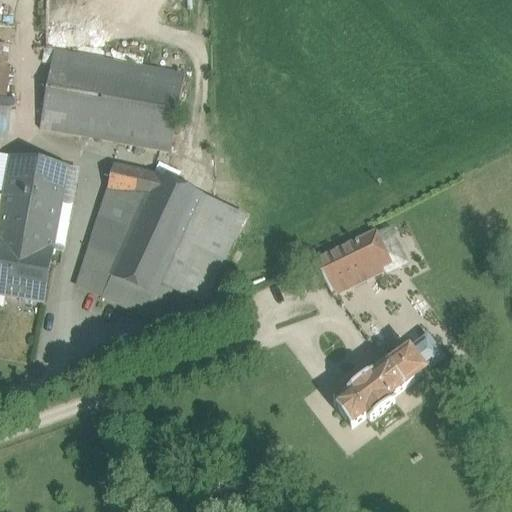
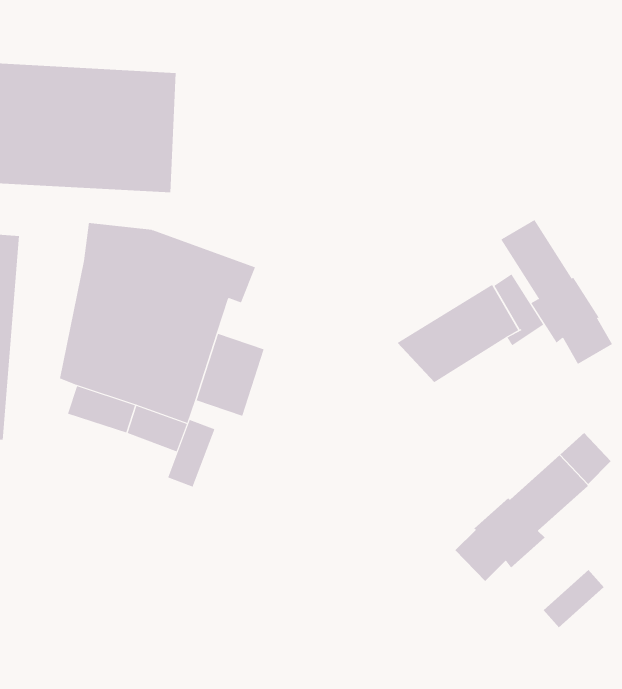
building: none -> [501,219,613,365]
building: [190,202,242,257] -> none
building: none -> [167,419,215,488]
building: none -> [543,569,605,628]

